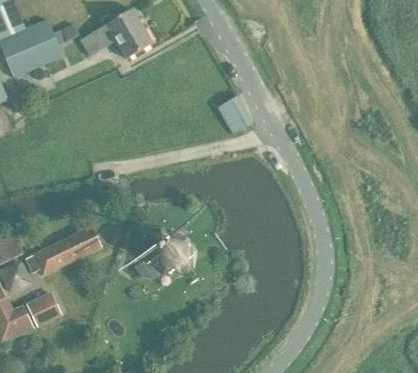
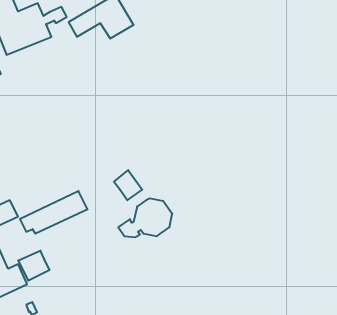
building: [215,94,251,133] -> none
building: none -> [114,170,142,200]

